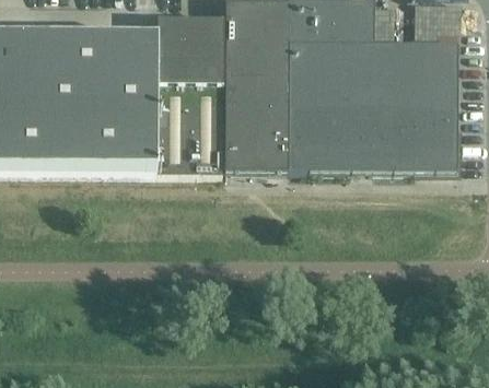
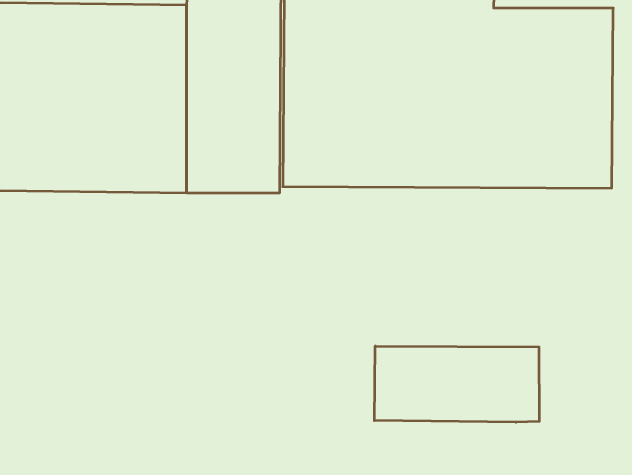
building: none -> [374,346,539,422]

